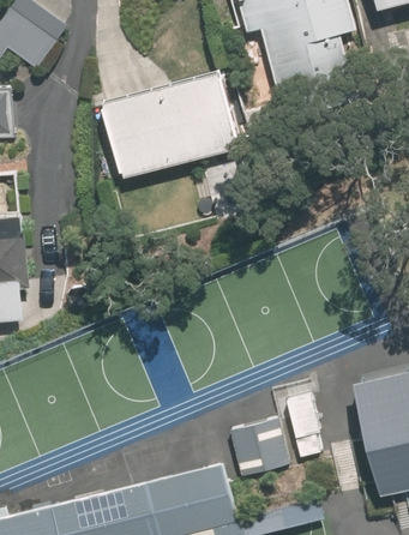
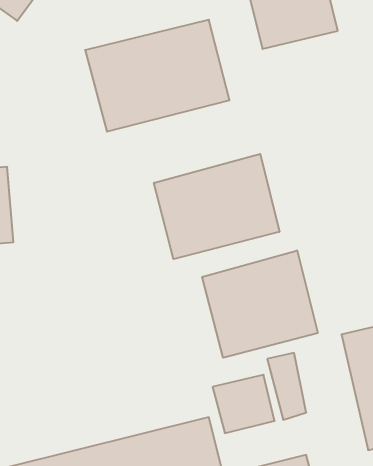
building: none -> [154,154,279,259]
building: none -> [202,250,318,358]

